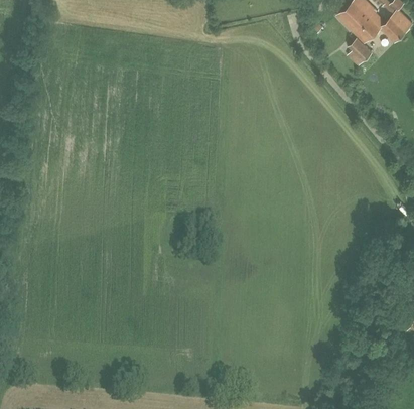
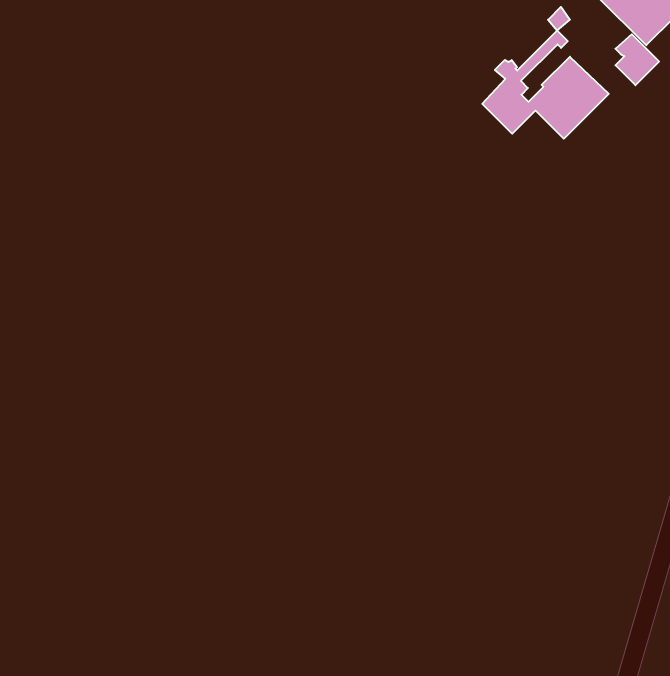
building: none -> [482,31,609,139]

